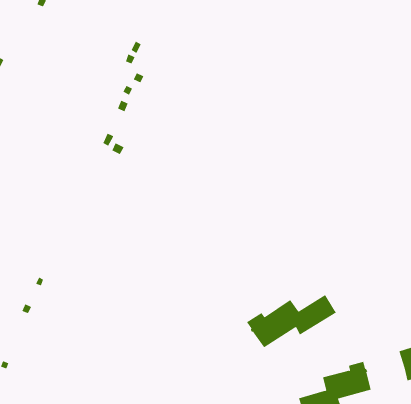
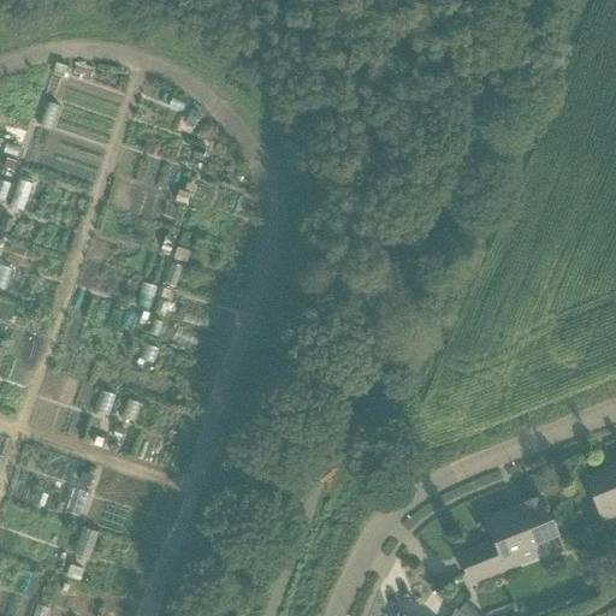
building: [246,294,337,348] -> none

